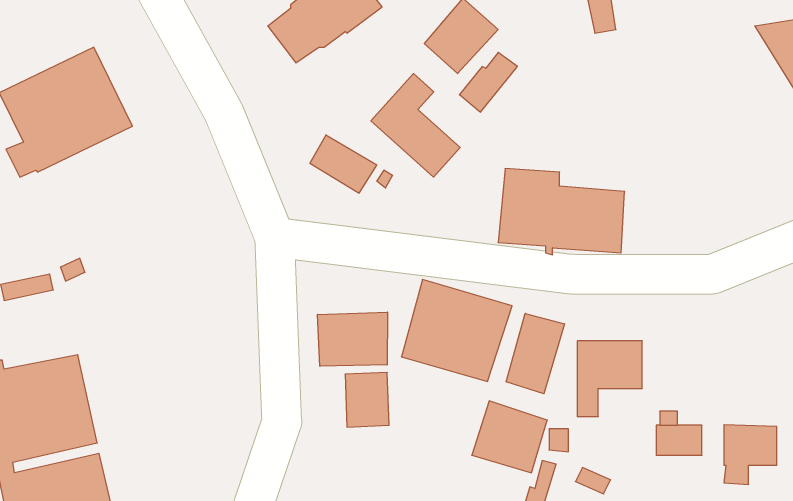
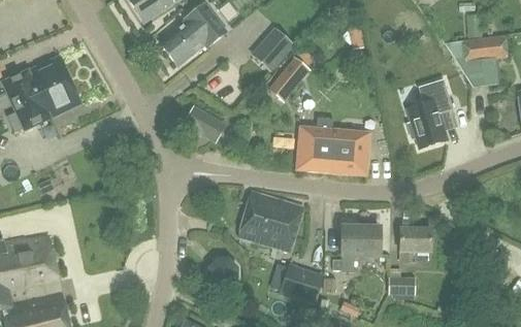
building: [371,74,460,177] -> none
building: none -> [403,77,449,148]
building: [317,312,387,366] -> none
building: [506,313,564,394] -> none
building: [724,425,777,485] -> [400,227,431,262]

